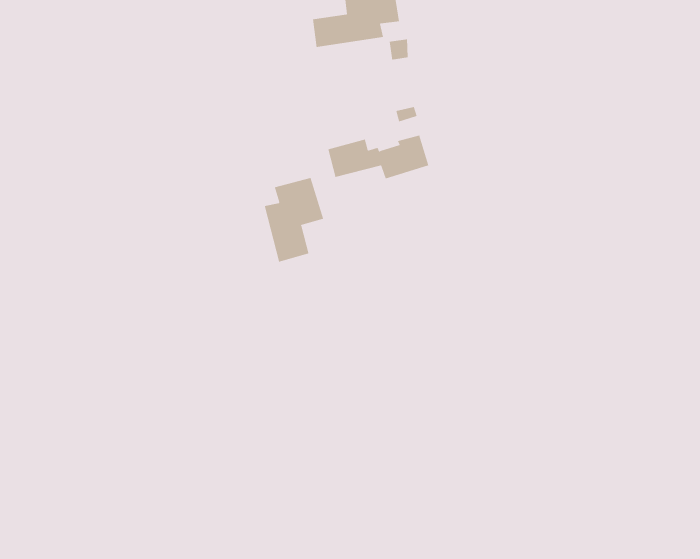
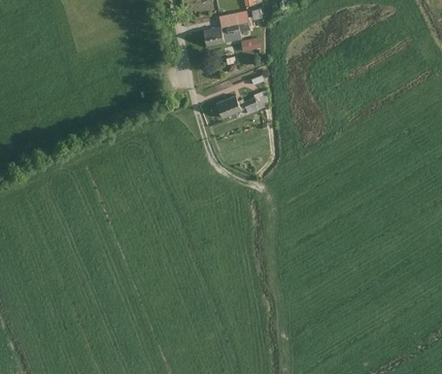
building: [264,177,324,262] -> none

